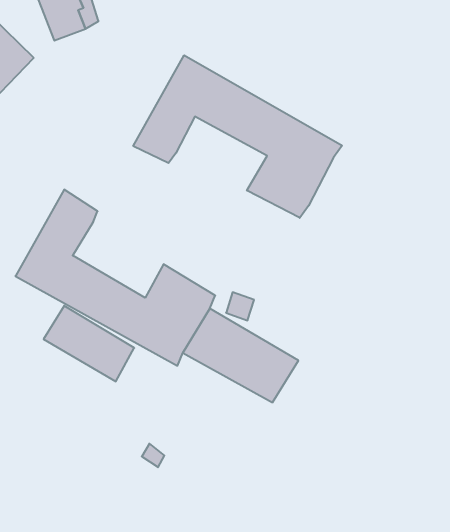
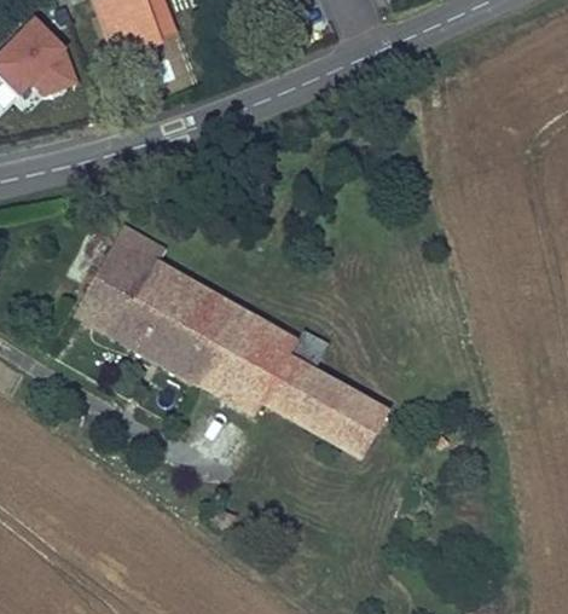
building: [133,55,342,218] -> none
building: [44,306,134,381] -> [134,254,236,338]

